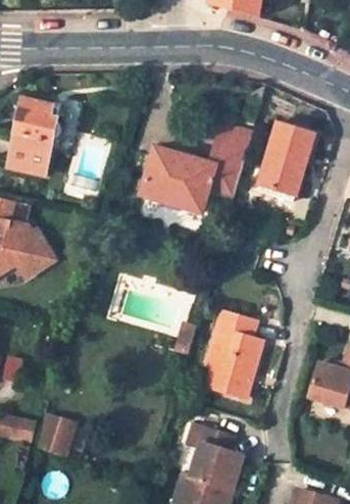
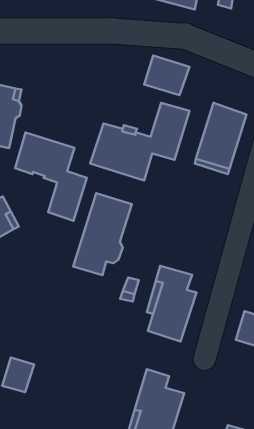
building: none -> [144,56,189,95]
building: none -> [15,132,87,221]
building: none -> [73,193,132,275]

